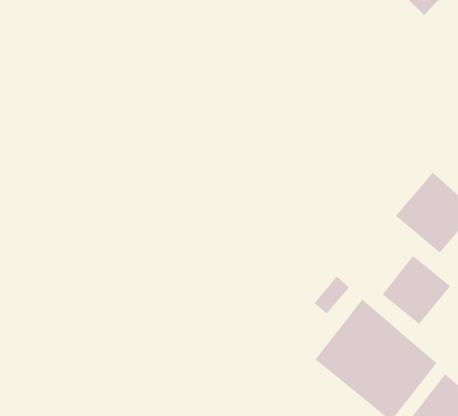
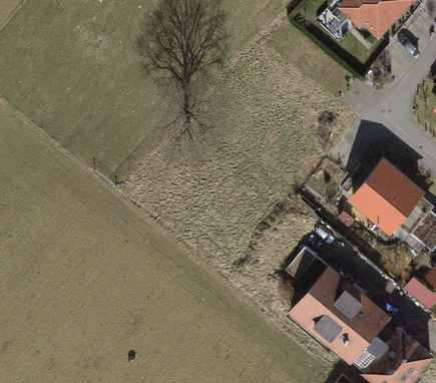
building: [382,255,451,325] -> none

